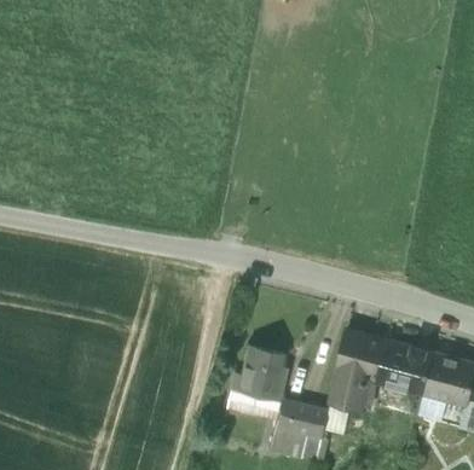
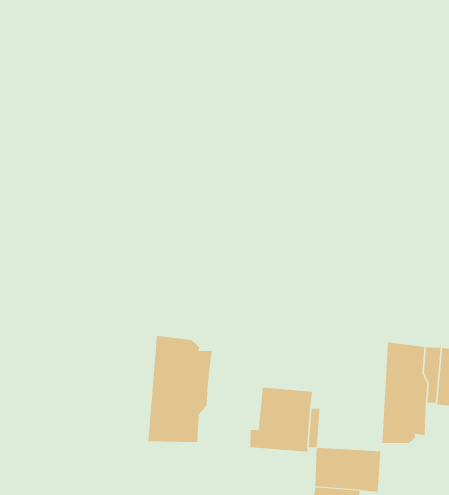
building: none -> [148,335,212,443]

